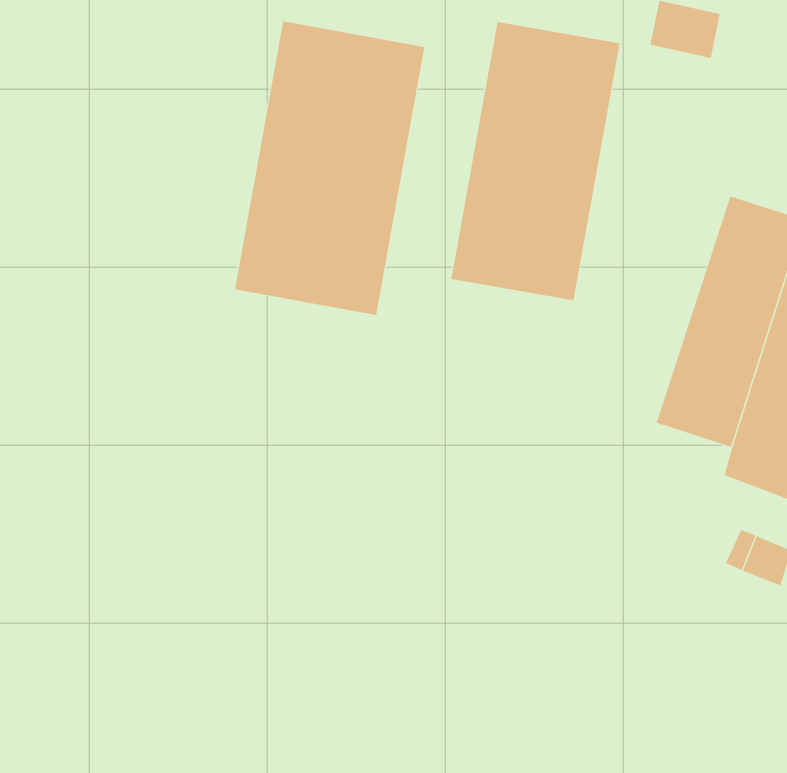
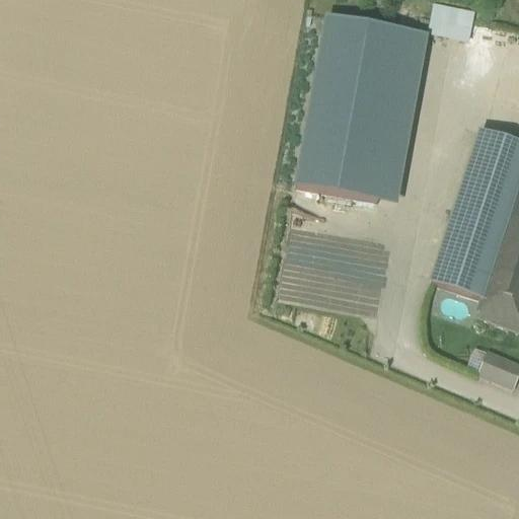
building: [235,21,425,316] -> none
building: none -> [378,28,428,202]

